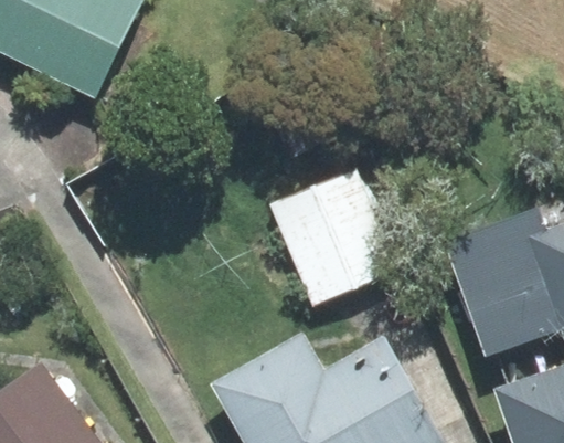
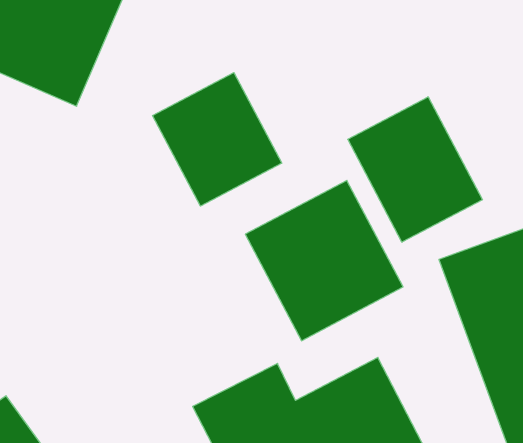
building: none -> [153,73,282,206]
building: none -> [348,97,482,242]

